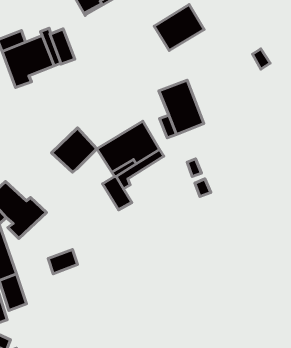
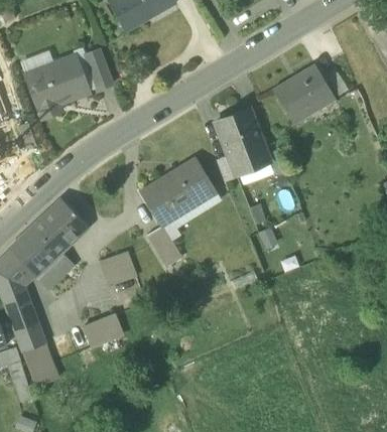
building: [154,4,204,51] -> [273,64,334,120]
building: [52,128,97,172] -> [30,200,85,254]
building: none -> [99,251,137,285]

